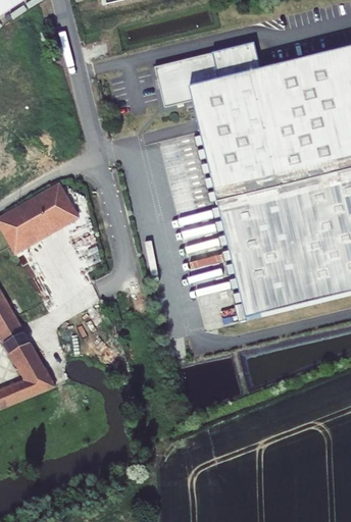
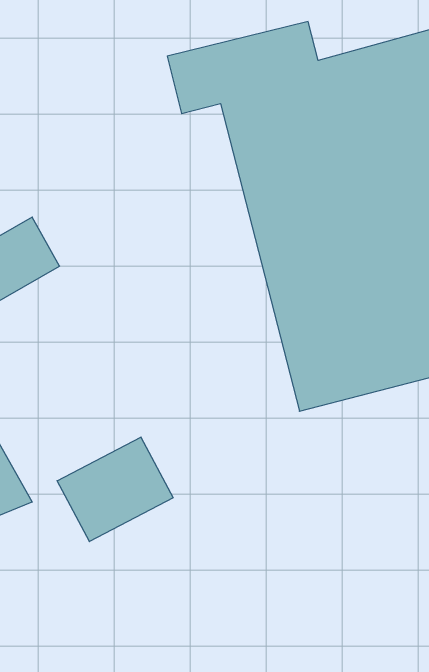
building: none -> [57,437,173,542]

